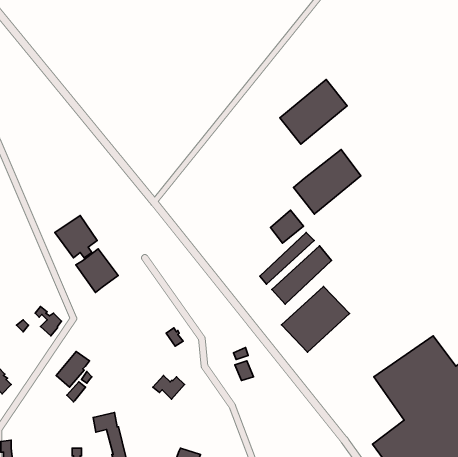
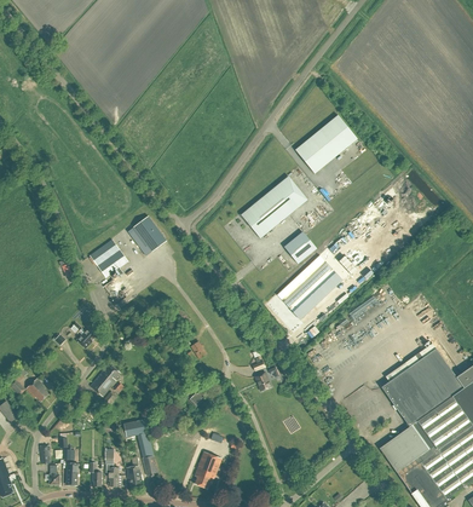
building: [293,149,361,214] -> [241,179,302,238]
building: [76,249,118,293] -> [128,215,167,255]
building: [282,286,349,352] -> none

